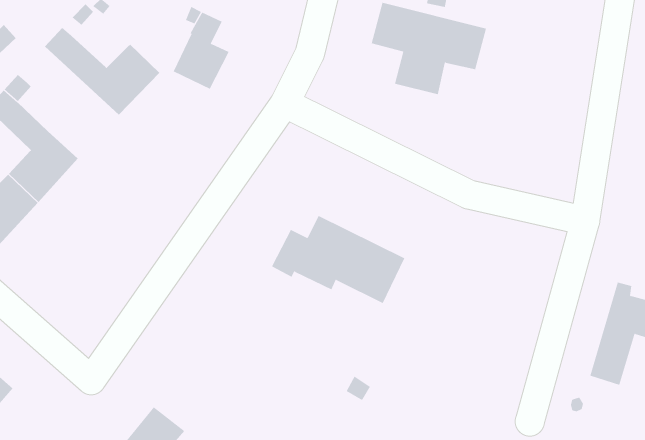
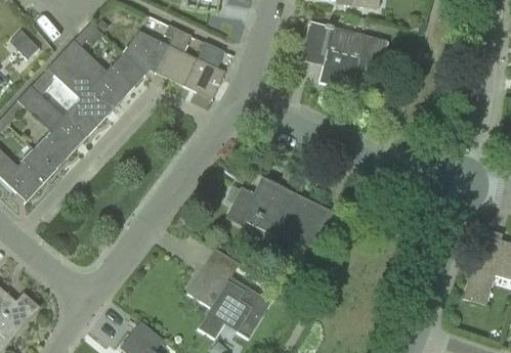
building: none -> [123,31,168,74]
building: none -> [182,42,225,100]
building: none -> [47,54,115,137]
building: none -> [193,249,270,339]

